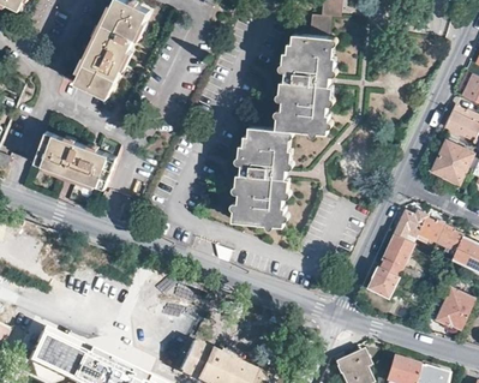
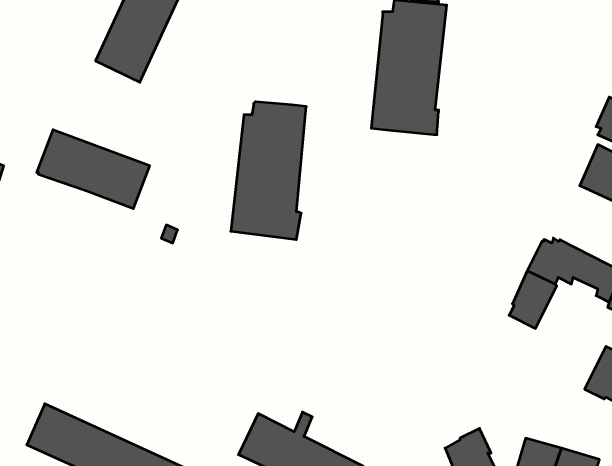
building: [234,127,289,228] -> [231,102,306,240]
building: [367,267,399,301] -> none

